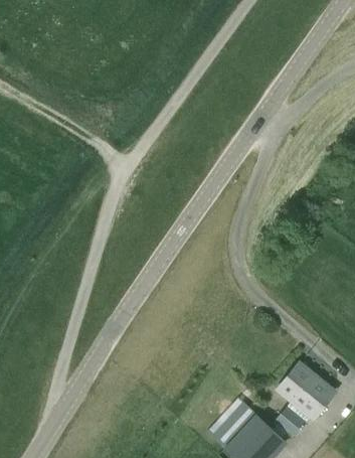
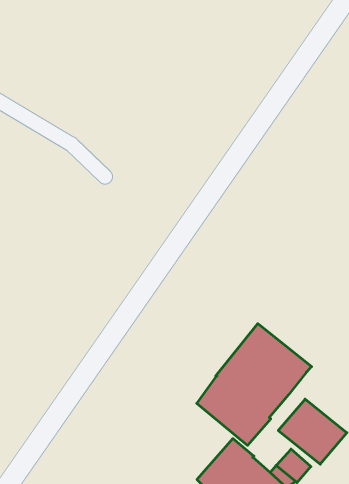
building: none -> [197,324,312,445]

